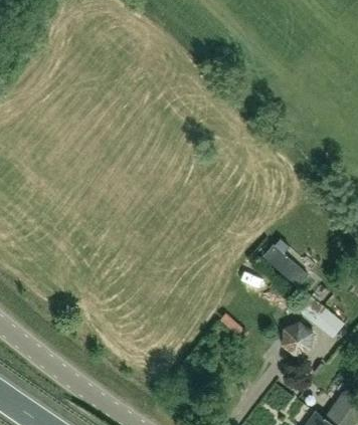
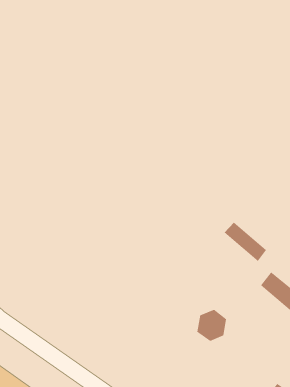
building: [283,321,314,354] -> [197,309,227,342]

